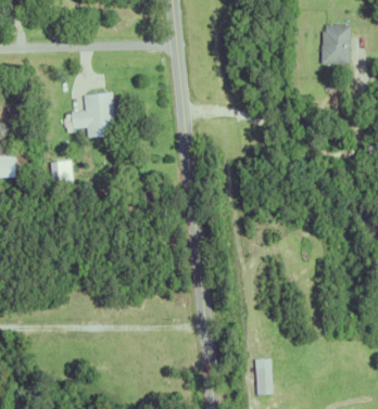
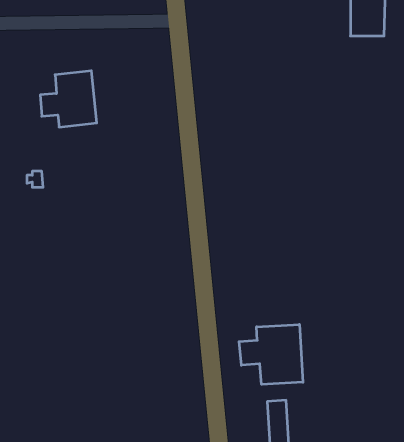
building: none -> [239,324,303,384]

